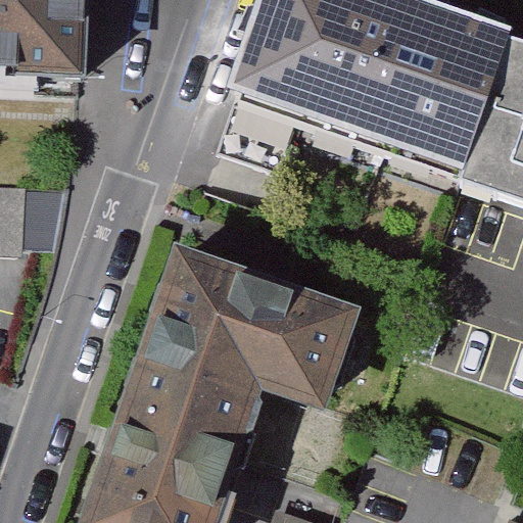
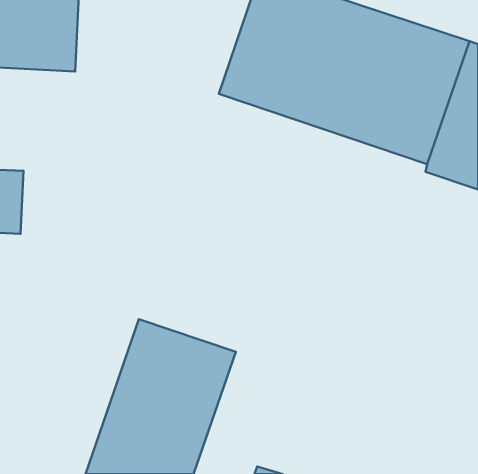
building: [151,246,358,406] -> none

